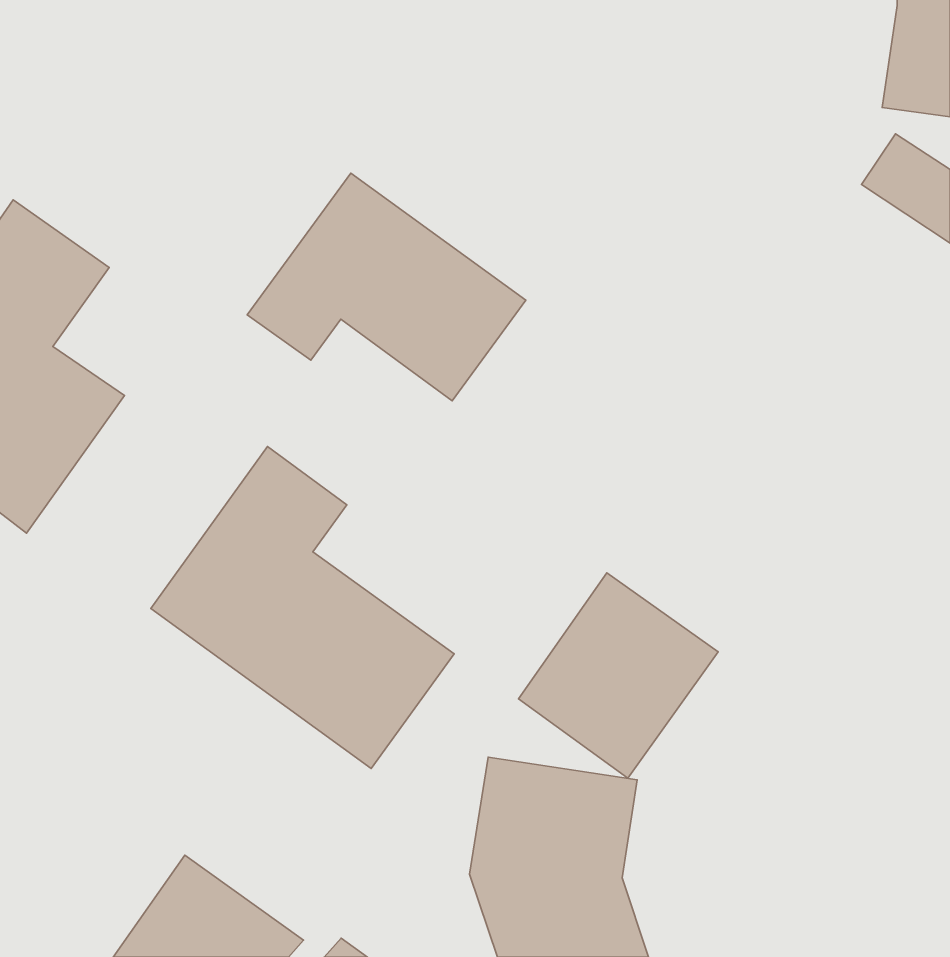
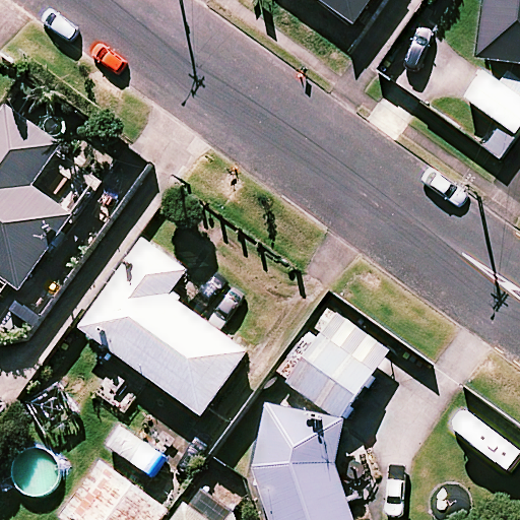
building: [247,173,526,401] -> none

